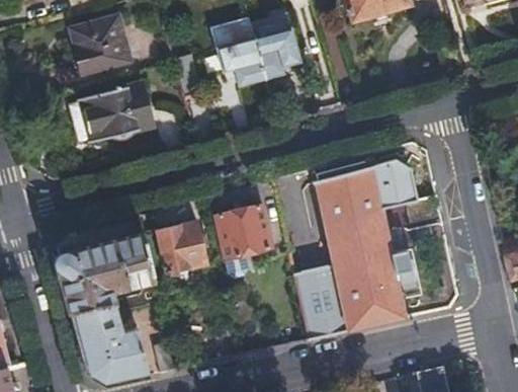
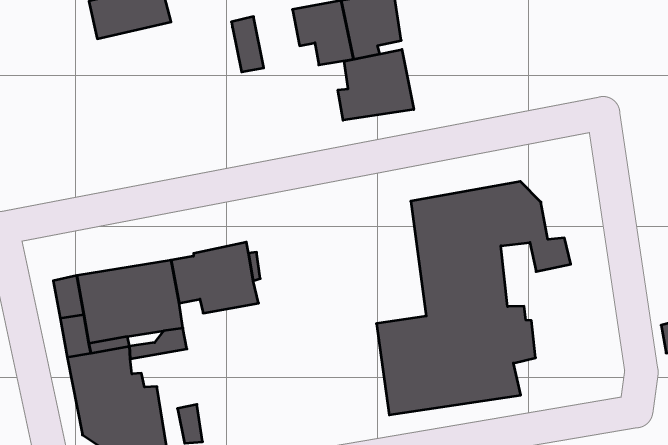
building: none -> [338,49,414,120]
building: [79,82,151,140] -> none
building: [217,204,273,256] -> none

